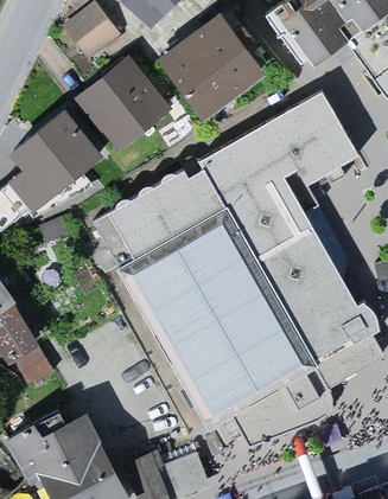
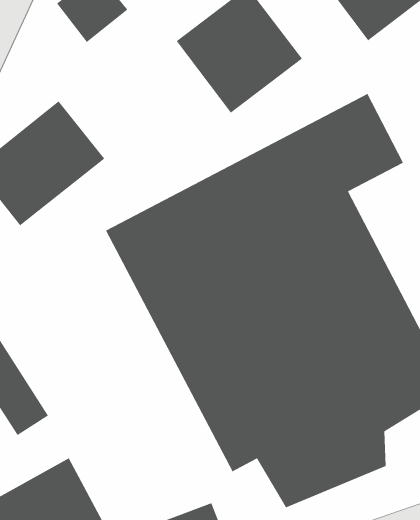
building: [75,60,168,153] -> none

